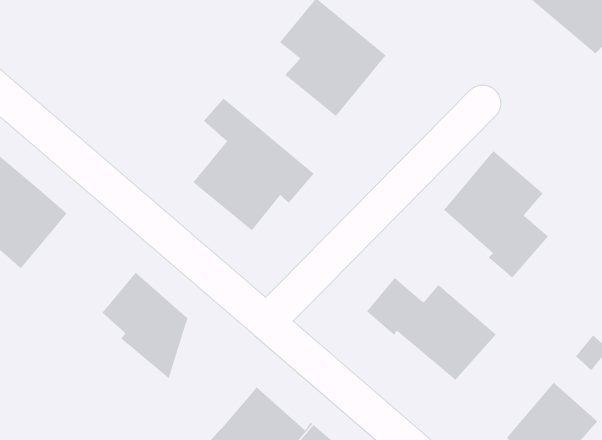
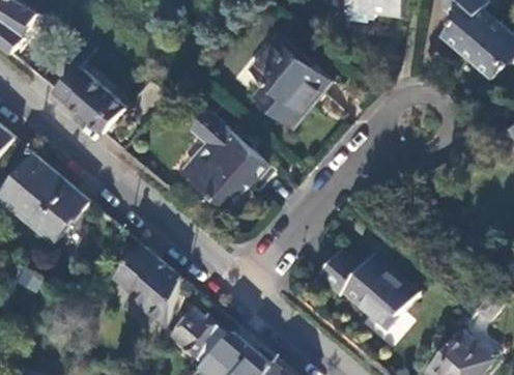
building: none -> [54,65,124,134]
building: [443,150,549,279] -> none
building: none -> [172,312,230,365]

